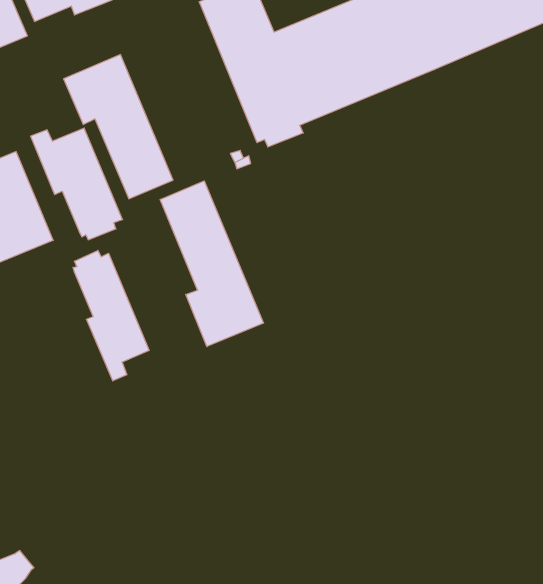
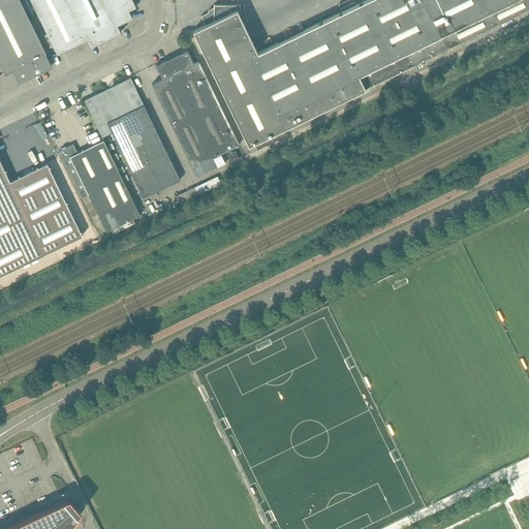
building: none -> [152,50,239,177]
building: [160,181,264,347] -> none
building: [73,250,149,381] -> none

